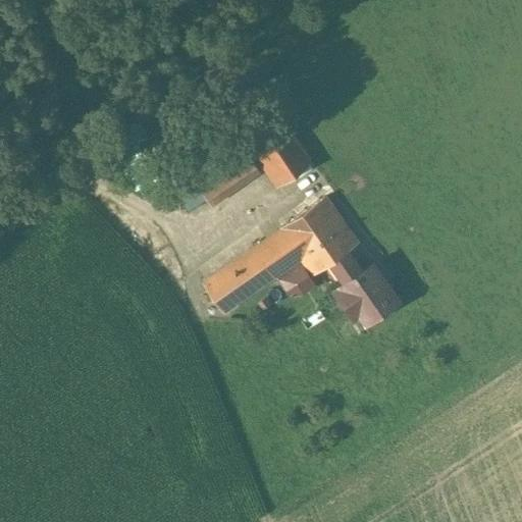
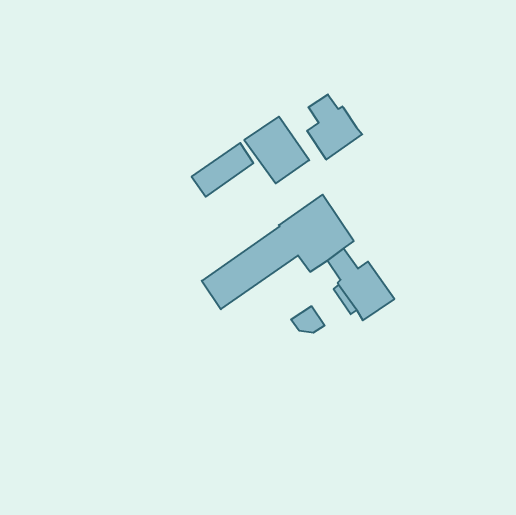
building: none -> [307,94,362,160]
building: [281,268,315,295] -> [291,306,325,333]

